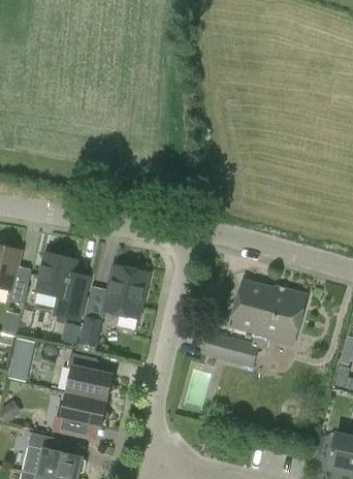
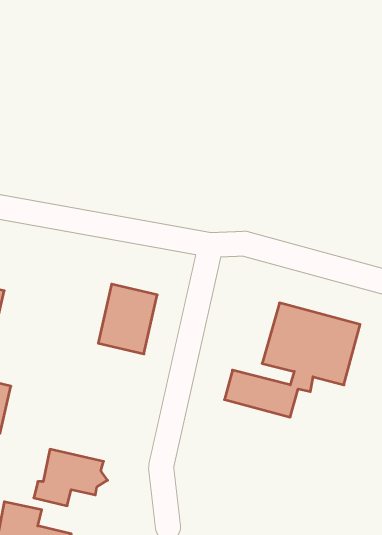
building: [36,253,89,320] -> none
building: [77,317,101,353] -> none
building: [66,353,116,402] -> none

